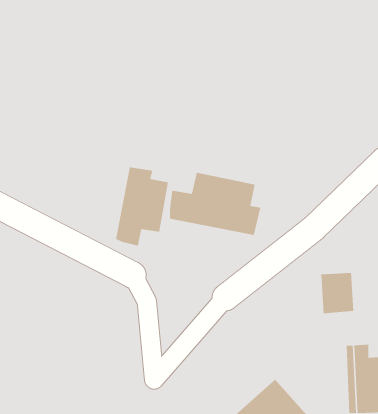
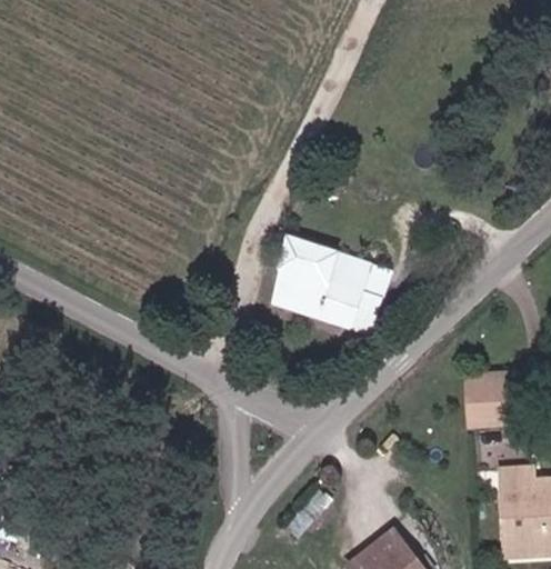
building: [115,167,168,247] -> none

